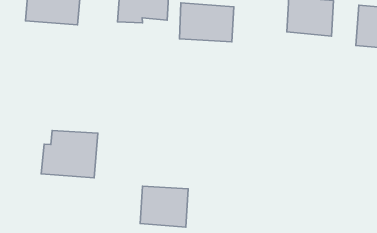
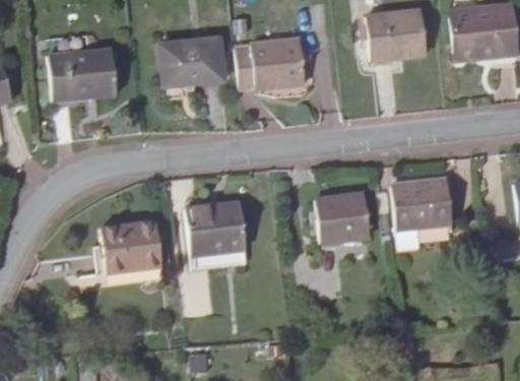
building: none -> [396,187,456,257]
building: none -> [320,200,373,247]
building: [140,186,188,227] -> [190,205,250,256]

